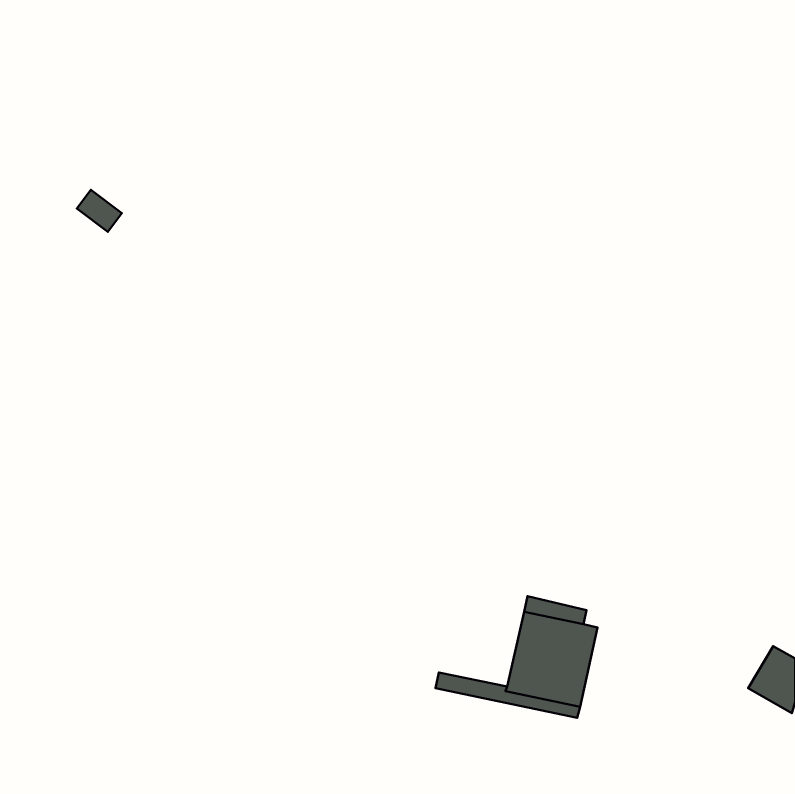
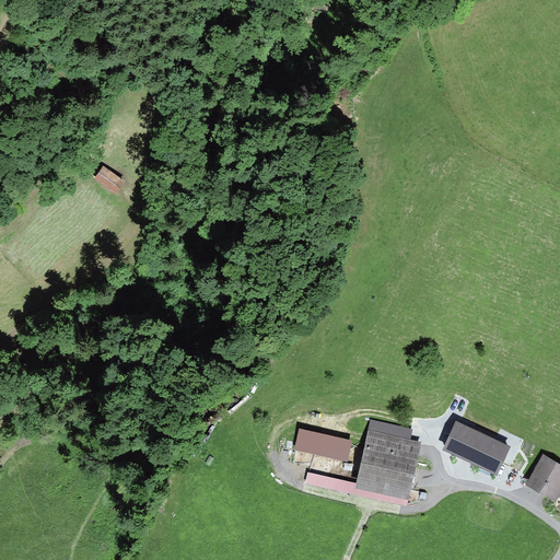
building: [77,190,122,232] -> [94,165,126,195]
building: none -> [443,419,505,478]
building: none -> [298,424,354,458]

